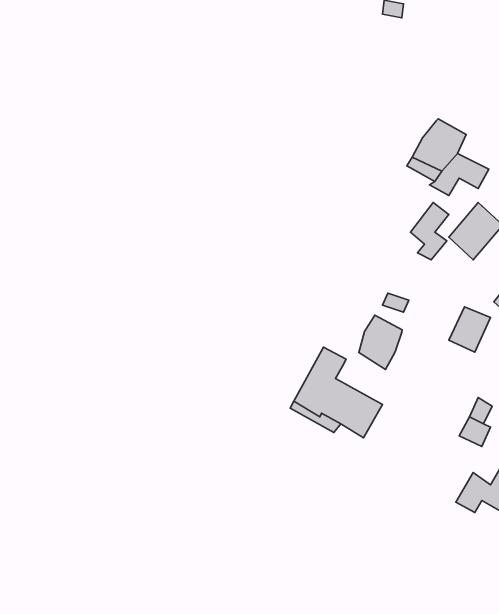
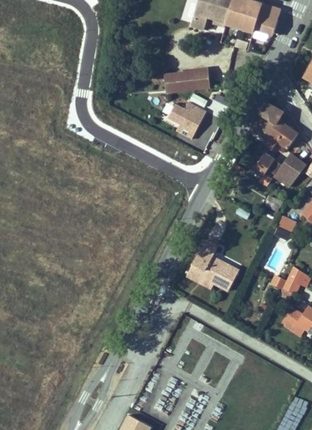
building: none -> [161,63,203,86]
building: none -> [175,97,214,134]
building: [359,315,402,369] -> none

